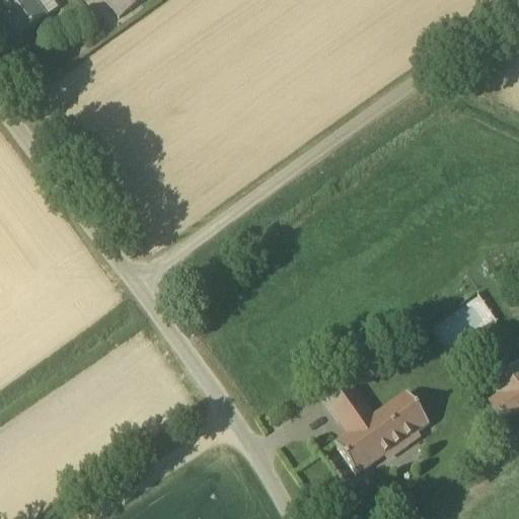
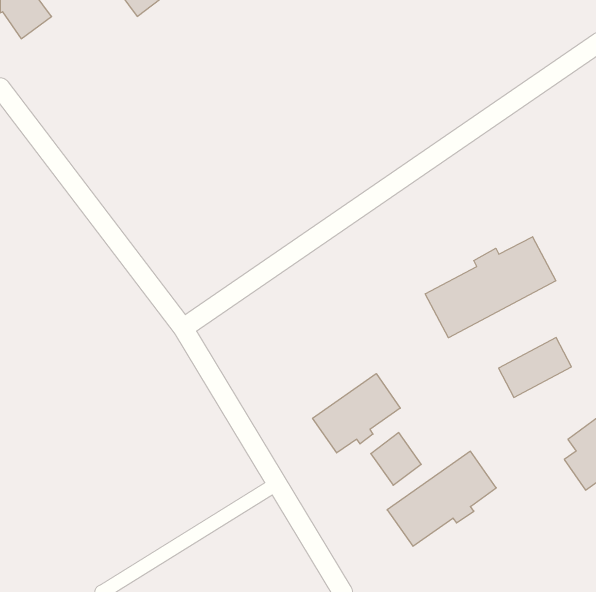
building: none -> [425,237,556,338]
building: none -> [313,374,400,453]

